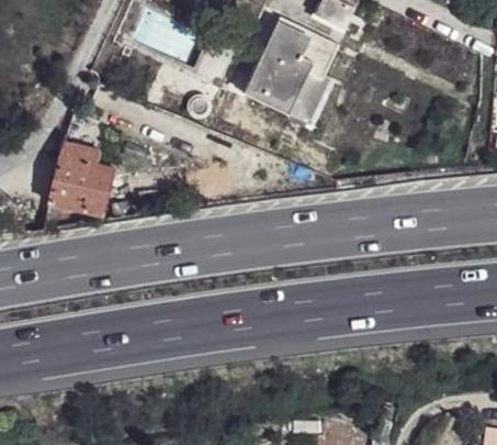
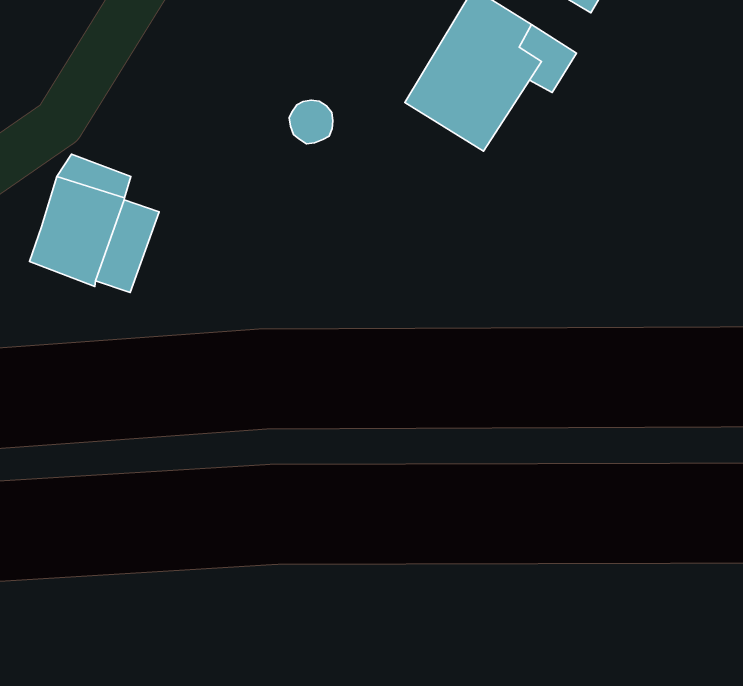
building: [292,71,334,122] -> none

